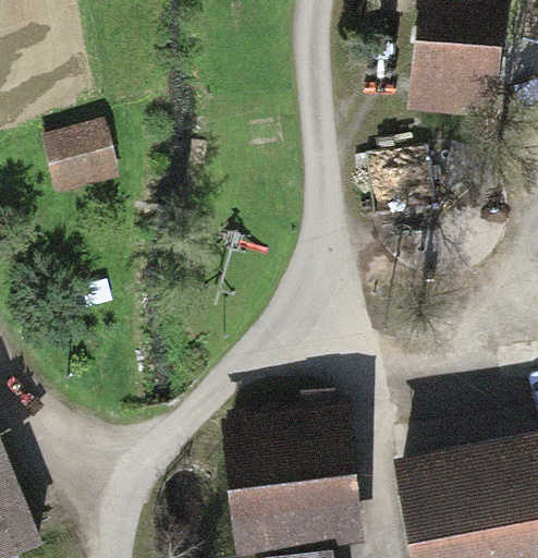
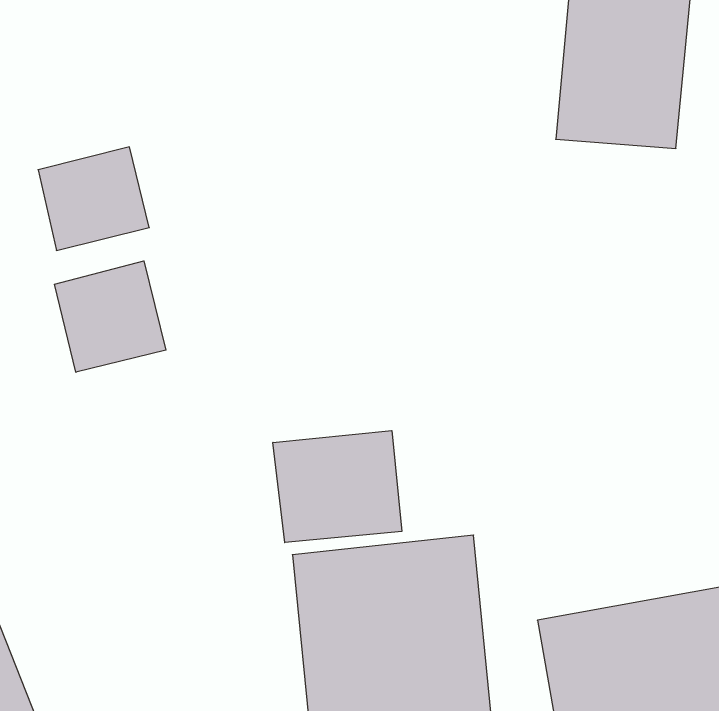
building: none -> [55,261,166,372]
building: none -> [273,431,402,543]

